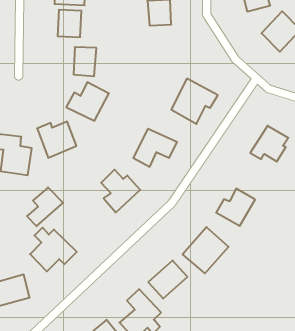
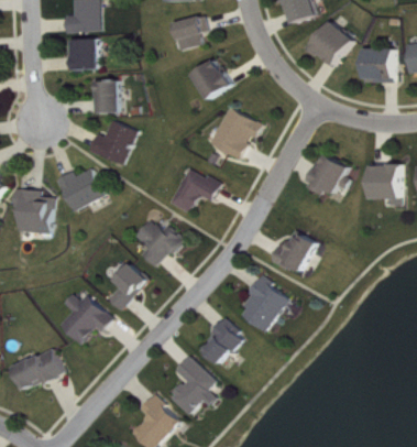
building: none -> [189,58,230,99]
building: [27,187,63,226] -> [108,263,149,309]

